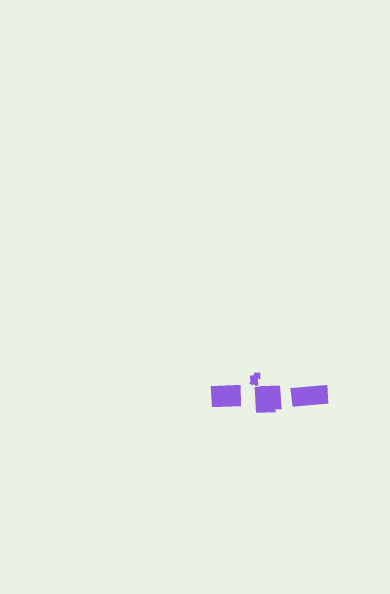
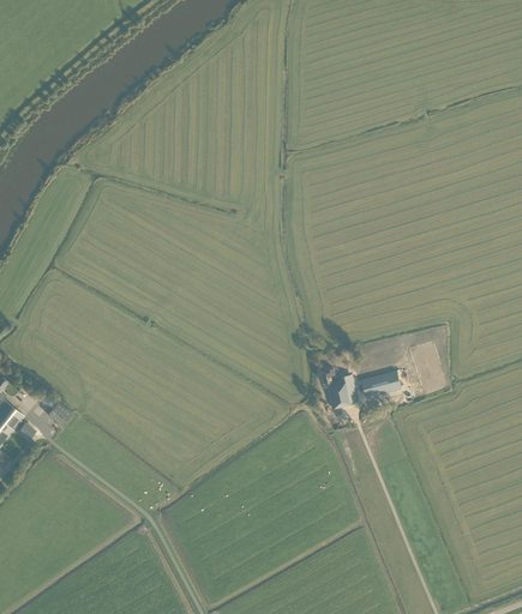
building: [210,384,242,408] -> none

